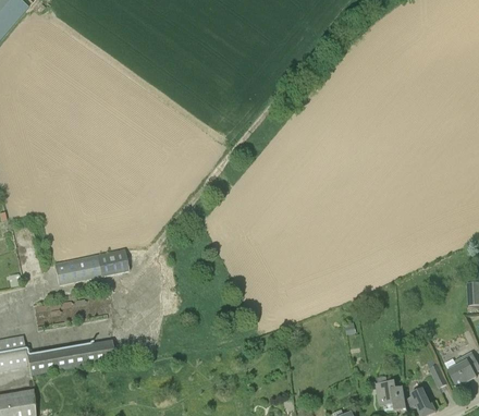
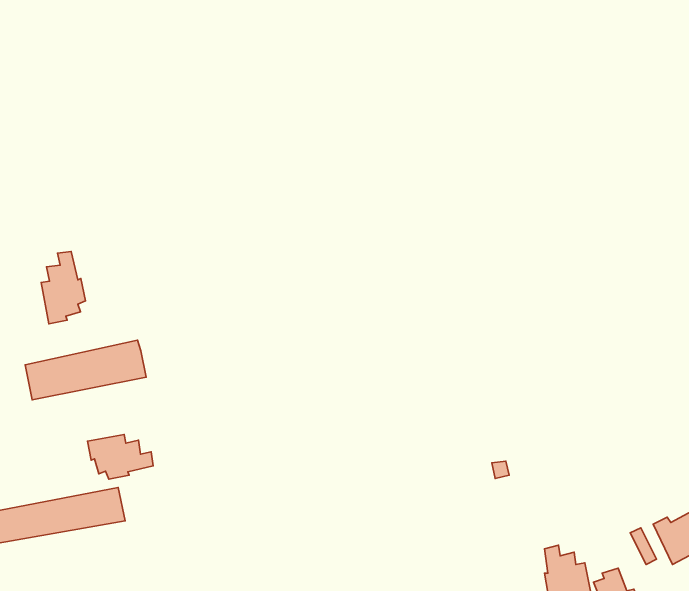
building: none -> [41,252,85,324]
building: none -> [87,434,153,479]

